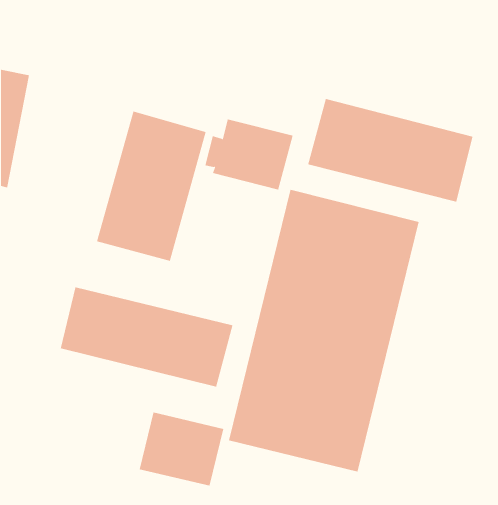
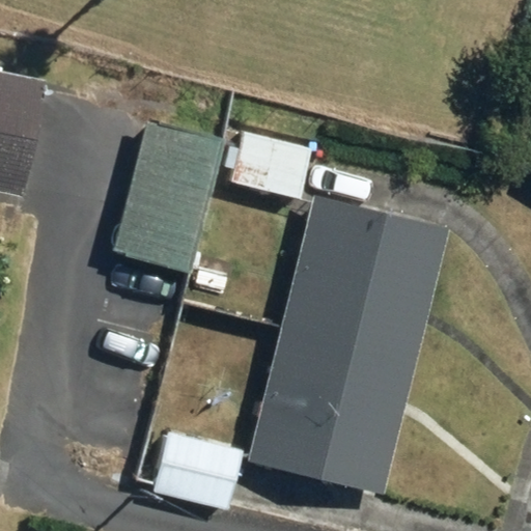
building: [308,98,473,203] -> none
building: [60,286,233,388] -> none

